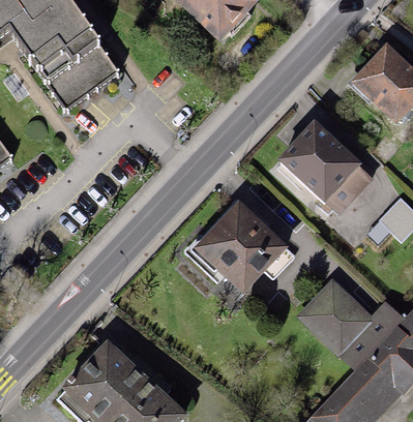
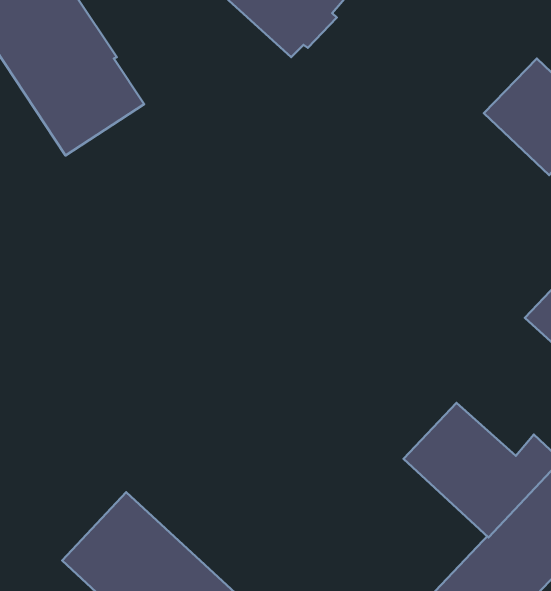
building: [277,119,373,214] -> none
building: [193,200,288,295] -> none

